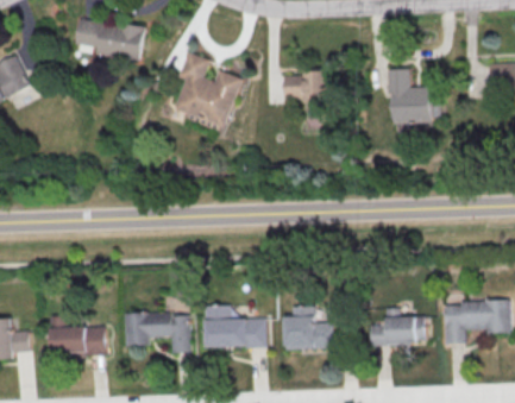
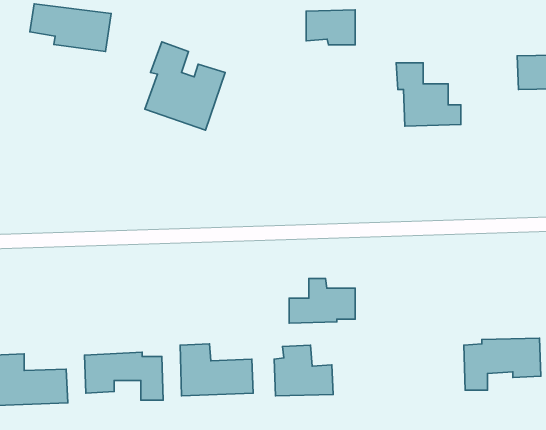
building: [284,71,326,101] -> [306,10,355,45]
building: [369,309,425,347] -> [289,278,355,323]

